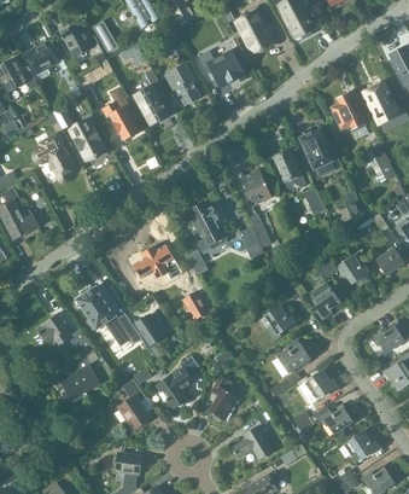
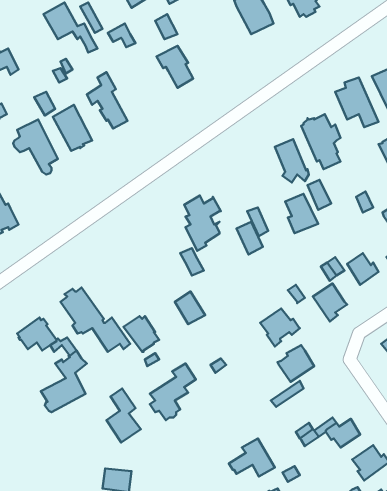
building: [27,42,59,80] -> none
building: [198,47,249,87] -> none
building: [134,71,168,126] -> none
building: [243,170,273,207] -> [285,194,318,233]
building: [134,245,182,279] -> none
building: [304,370,338,400] -> none
building: [209,376,239,420] -> none

